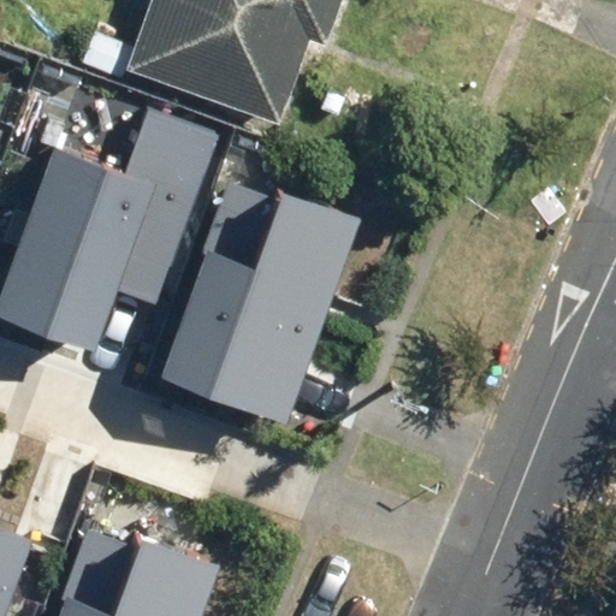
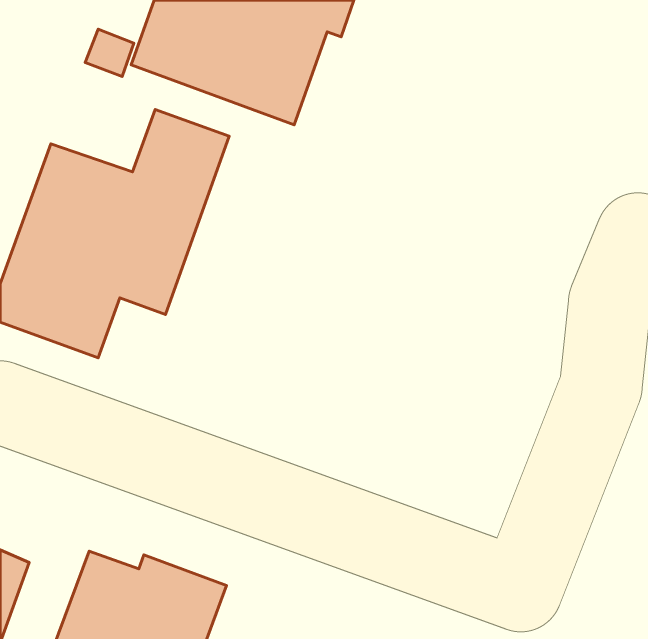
building: [160,186,360,420] -> none

